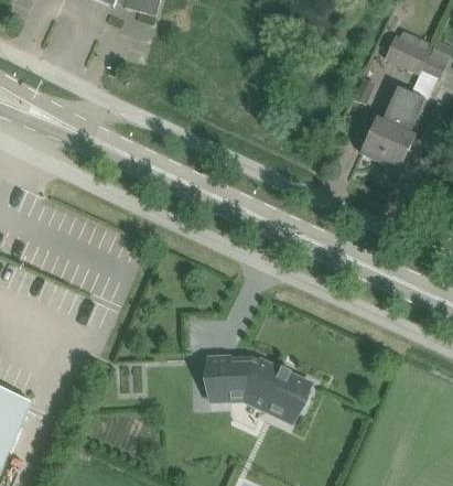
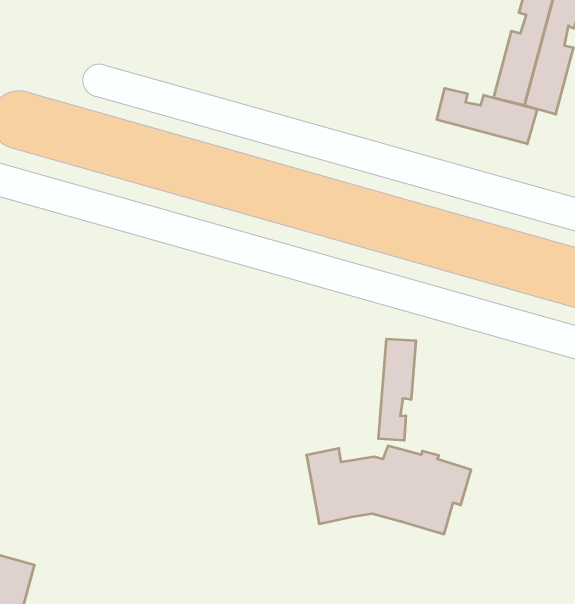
building: none -> [437,88,537,144]
building: none -> [378,339,416,440]

